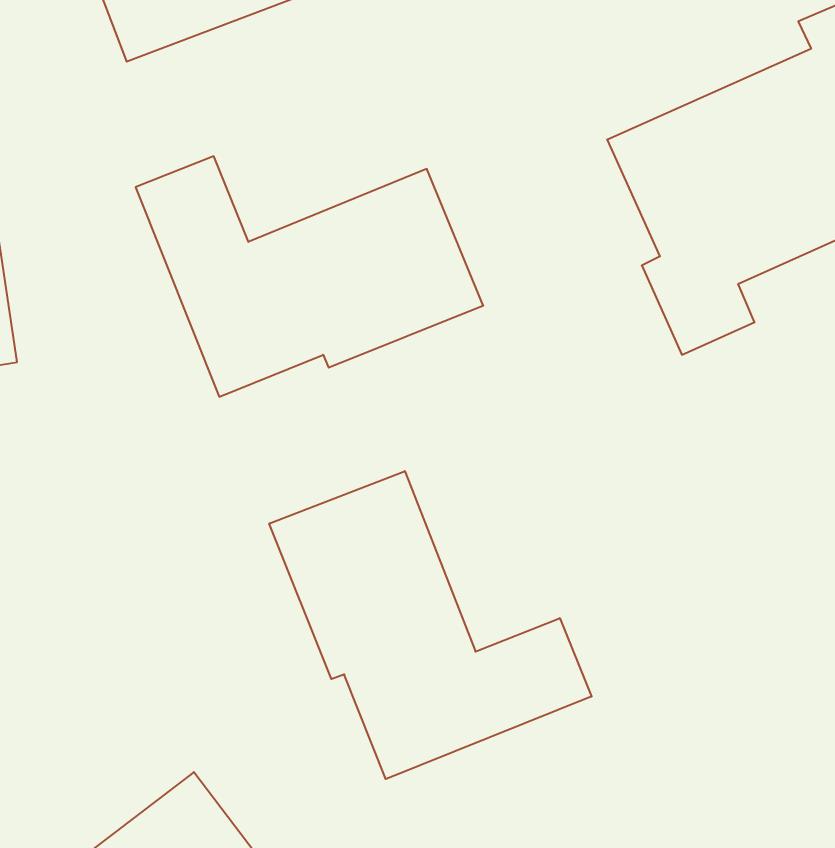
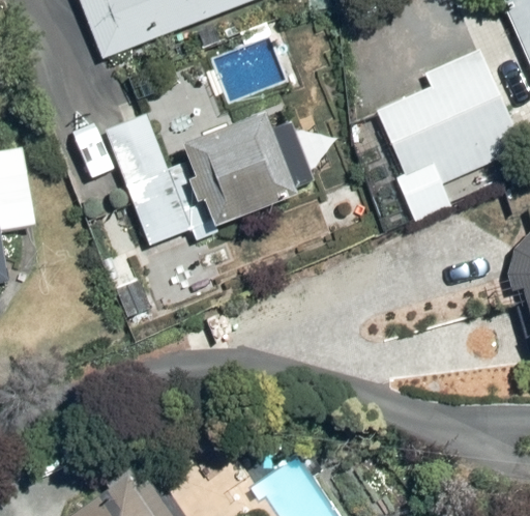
building: [269,471,592,779] -> none

